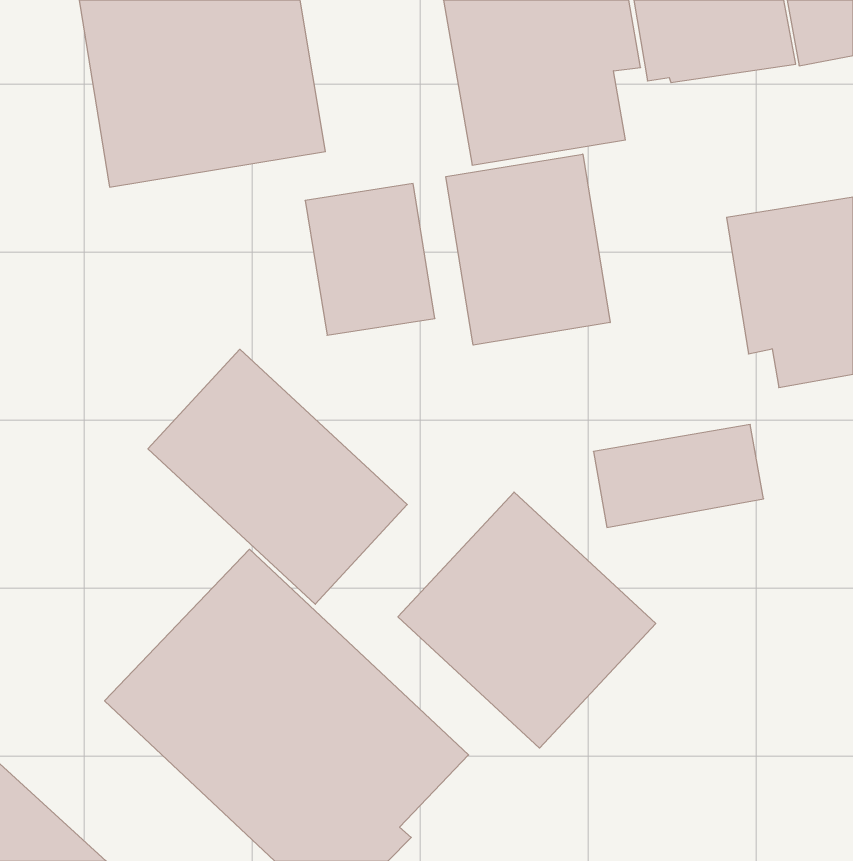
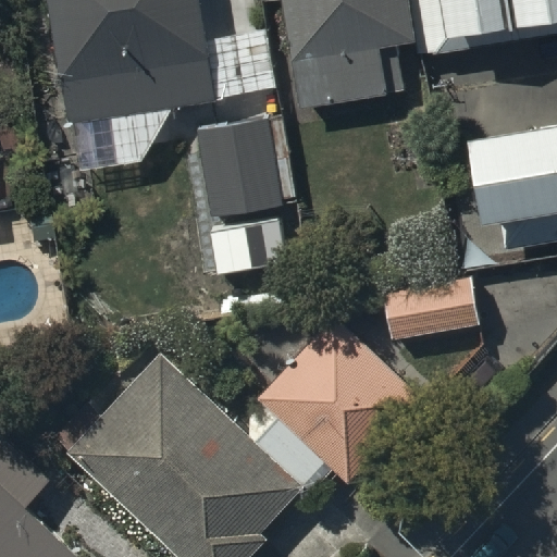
building: [446,154,610,345] -> none
building: [148,349,407,604] -> none

